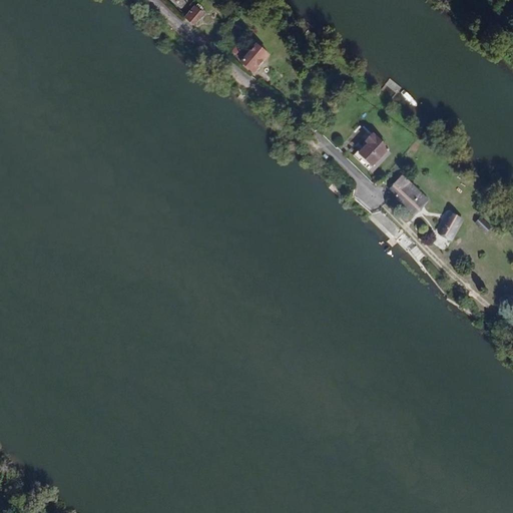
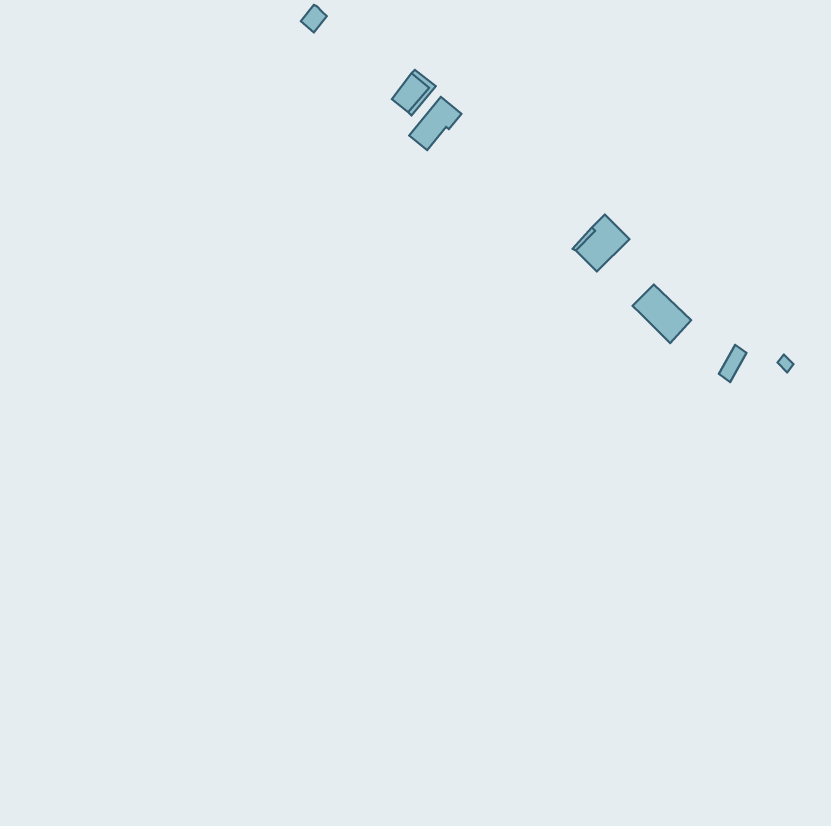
building: none -> [409,97,462,150]

